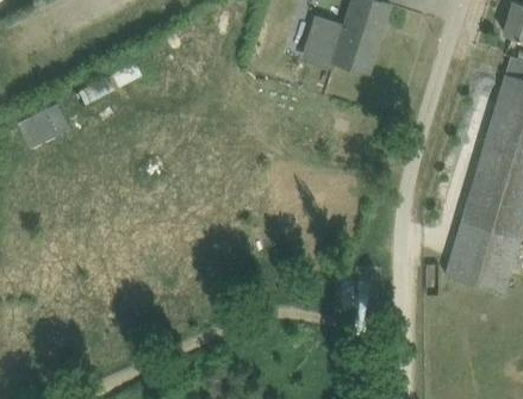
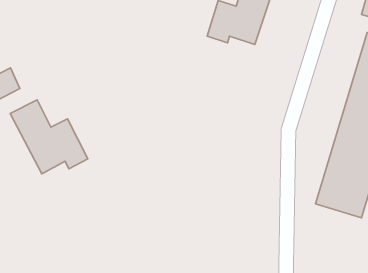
building: none -> [10,100,88,174]

